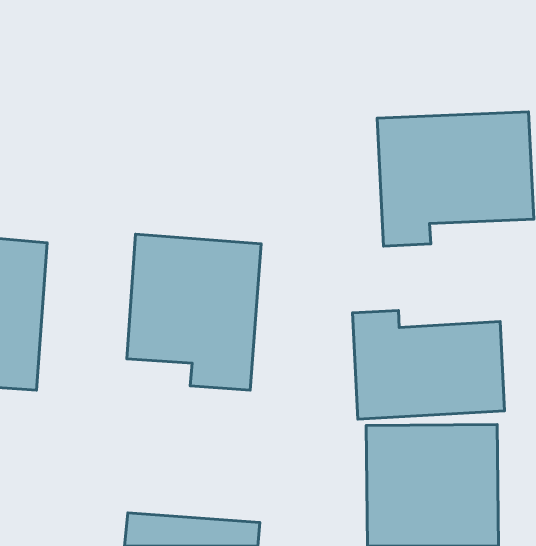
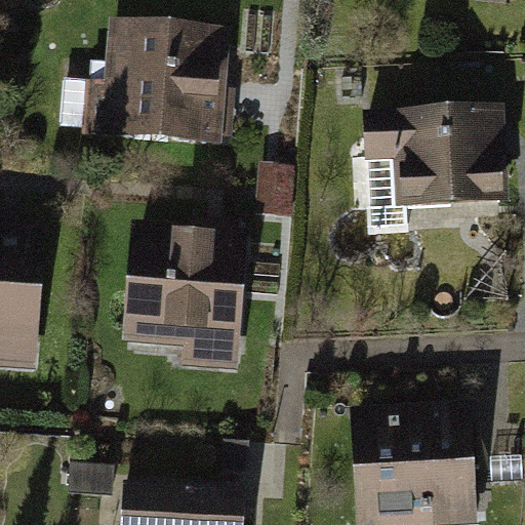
building: none -> [73,24,229,153]
building: [353,310,505,419] -> none

